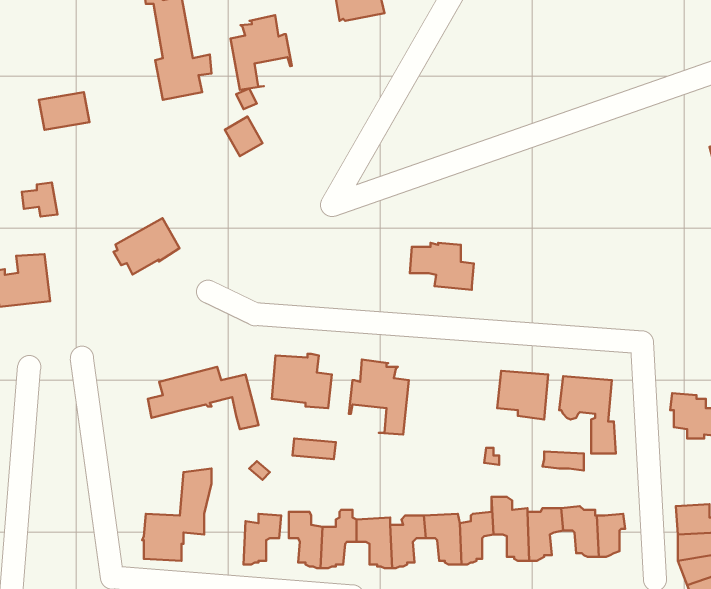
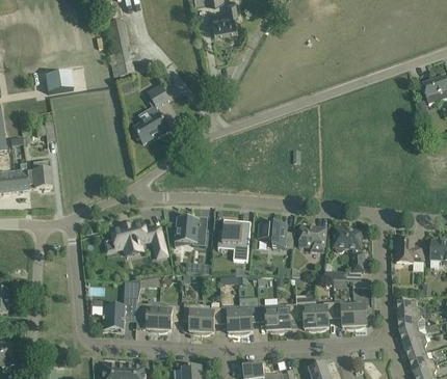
building: [230,15,292,90] -> none
building: [114,218,179,275] -> [132,112,168,143]
building: [410,243,474,290] -> [258,222,293,248]
building: none -> [139,301,159,332]

